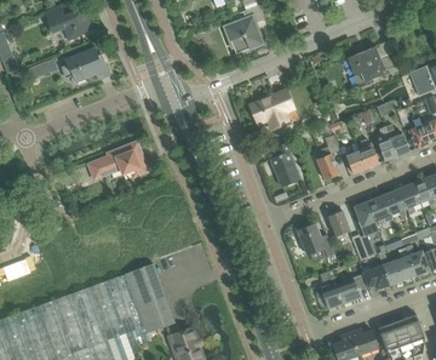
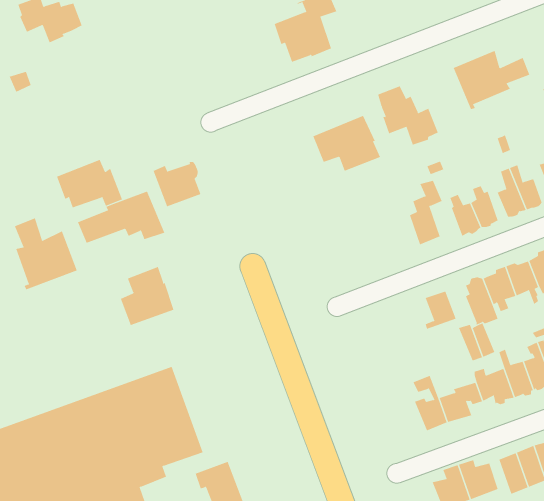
building: [64,48,110,82] -> [56,159,123,208]
building: none -> [377,85,438,146]
building: none -> [153,161,201,207]
building: [269,142,299,187] -> none
building: none -> [14,217,77,290]
building: none -> [120,266,174,326]
building: [297,224,334,262] -> none

